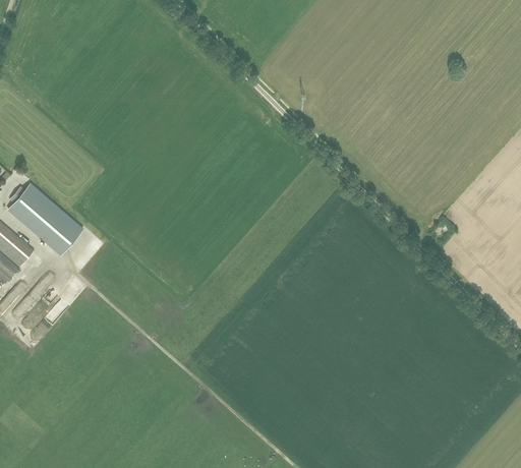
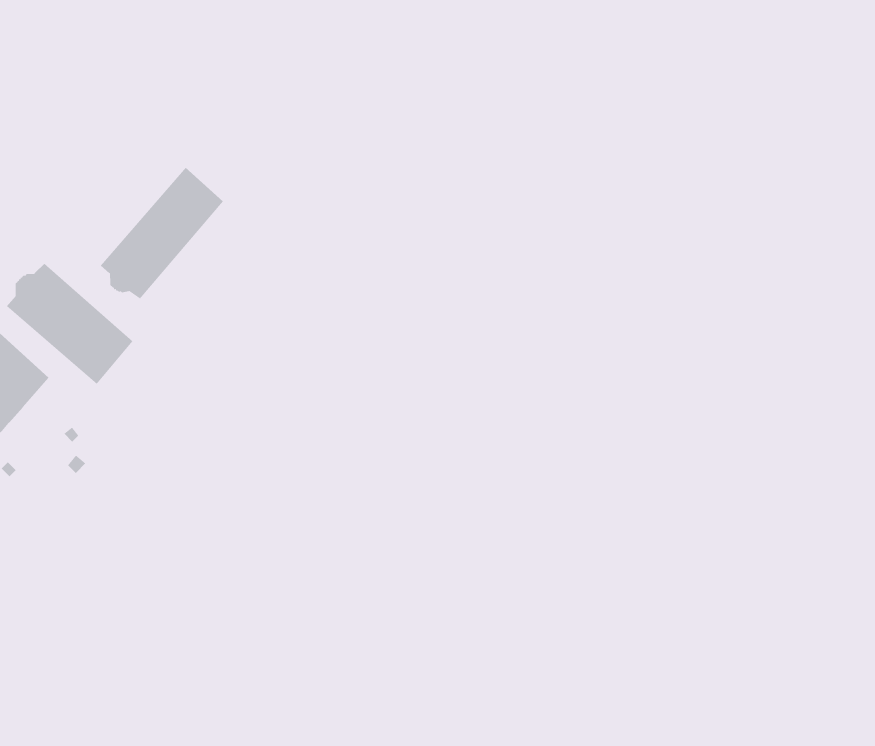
building: none -> [100,167,224,300]

